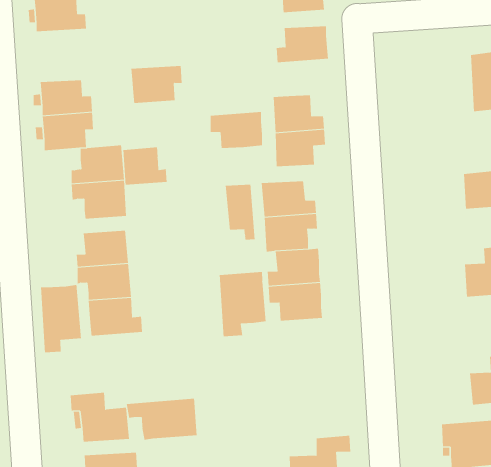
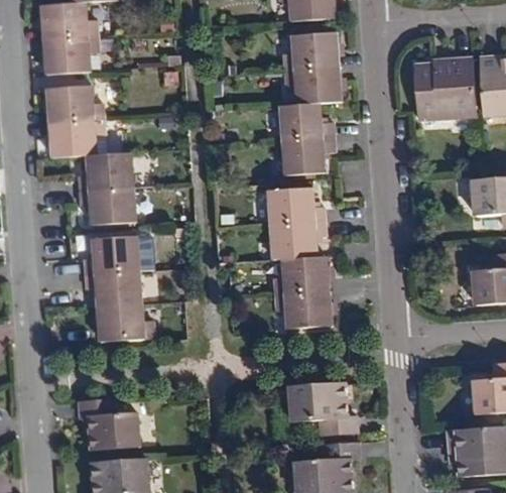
building: none -> [414,59,477,121]
building: [131,65,183,104] -> [43,33,96,72]
building: [210,112,263,149] -> [286,64,340,101]
building: [123,147,167,186] -> none
building: [225,184,255,241] -> none
building: [219,271,266,337] -> none
building: [40,284,82,353] -> none
building: none -> [292,383,359,436]
building: [126,398,197,441] -> none

